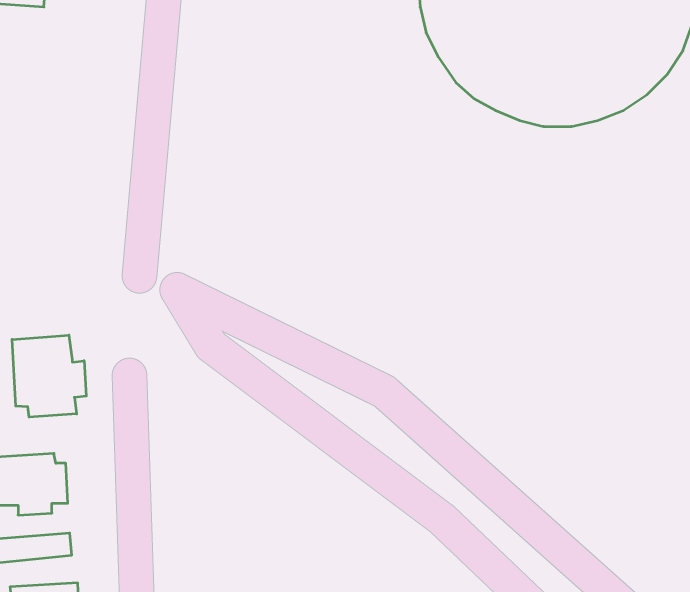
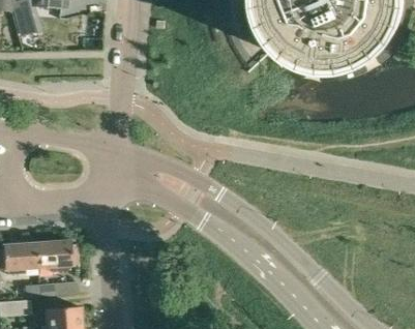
building: [12,335,86,417] -> none

